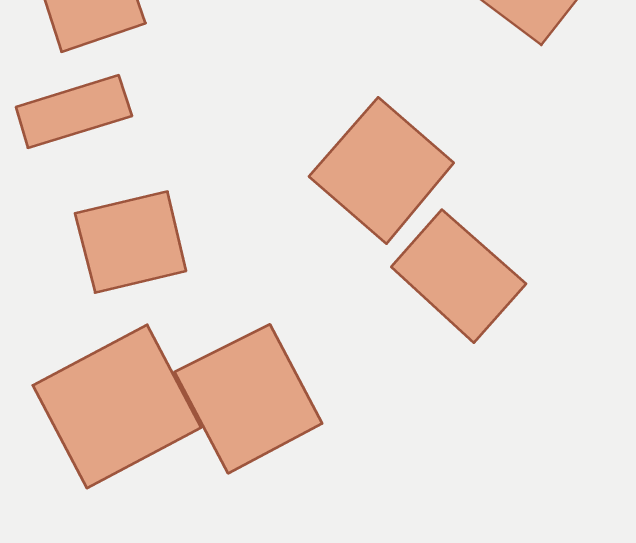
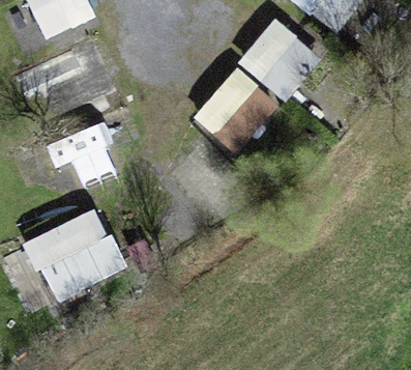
building: [391,210,526,343] -> [241,23,324,105]
building: [175,324,322,473] -> none

